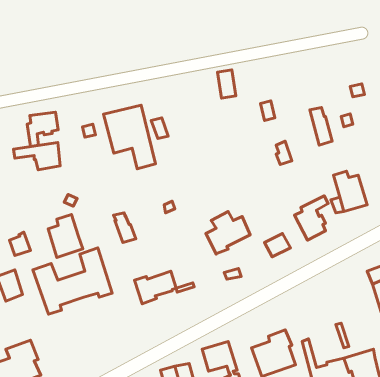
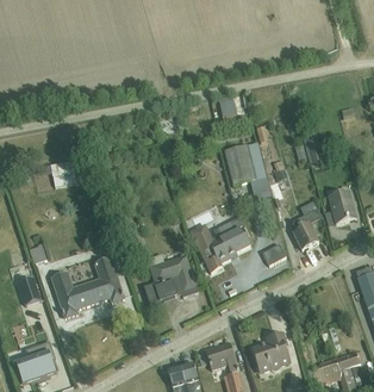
building: [103,105,155,169] -> [223,141,270,199]
building: [27,112,58,147] -> none
building: none -> [189,224,223,273]
building: [48,214,83,258] -> none
building: none -> [147,253,197,293]

